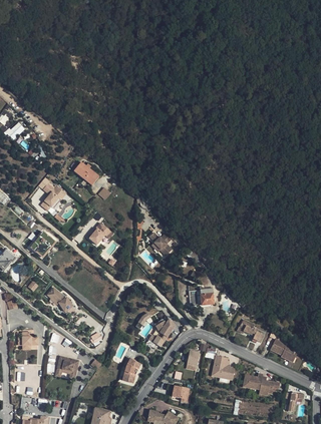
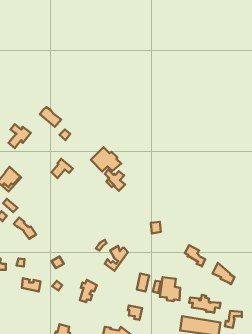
building: none -> [91,147,121,172]

